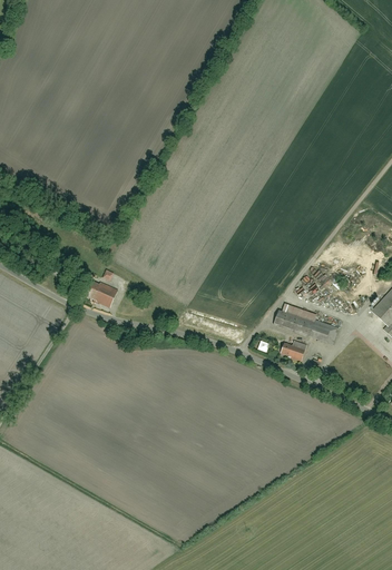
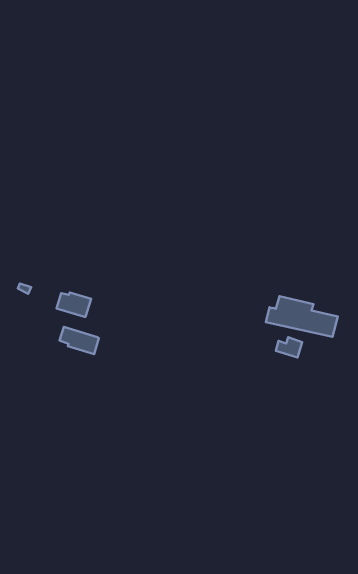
building: none -> [60,327,99,354]

